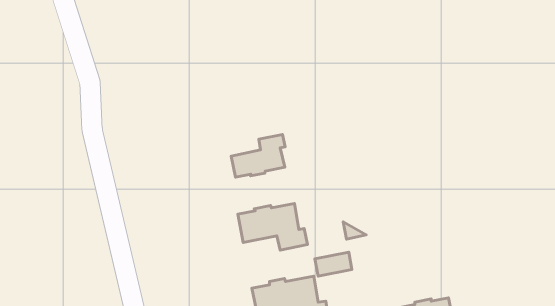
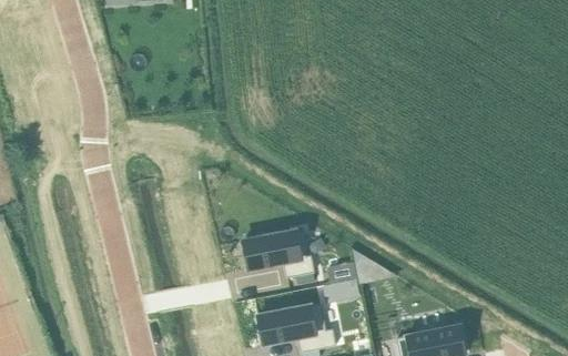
building: [231,134,285,177] -> none

